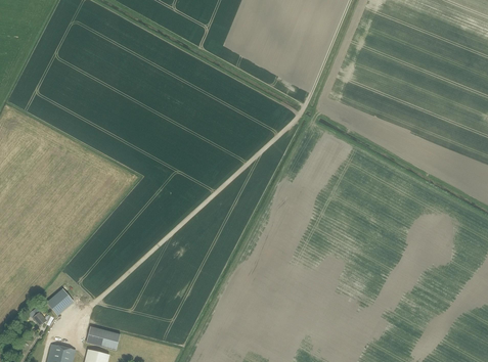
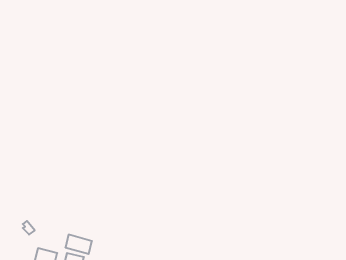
building: [46,287,74,315] -> none

